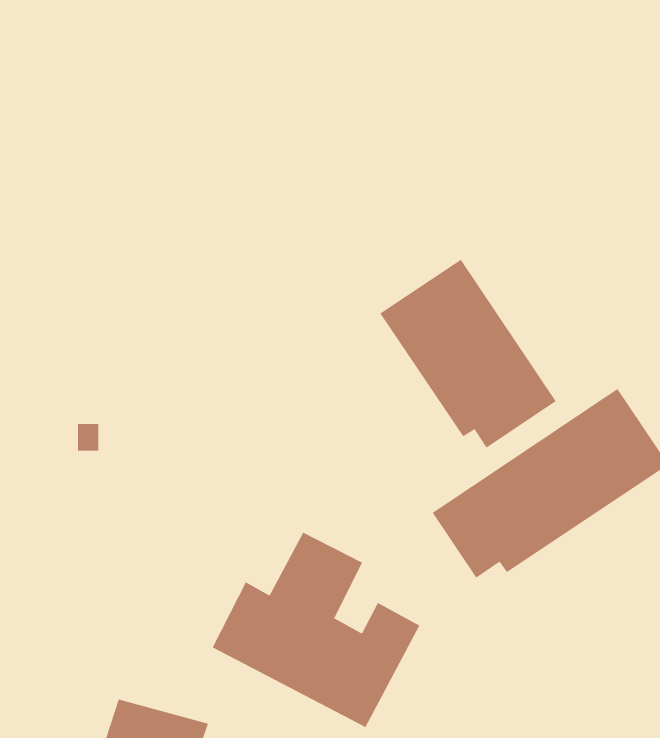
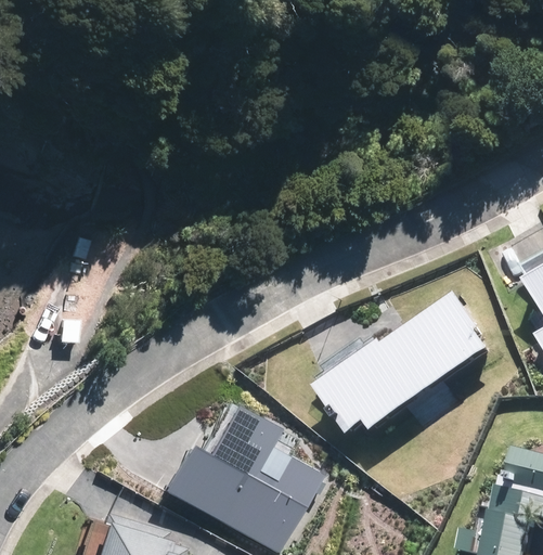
building: [380,259,556,448] -> none

